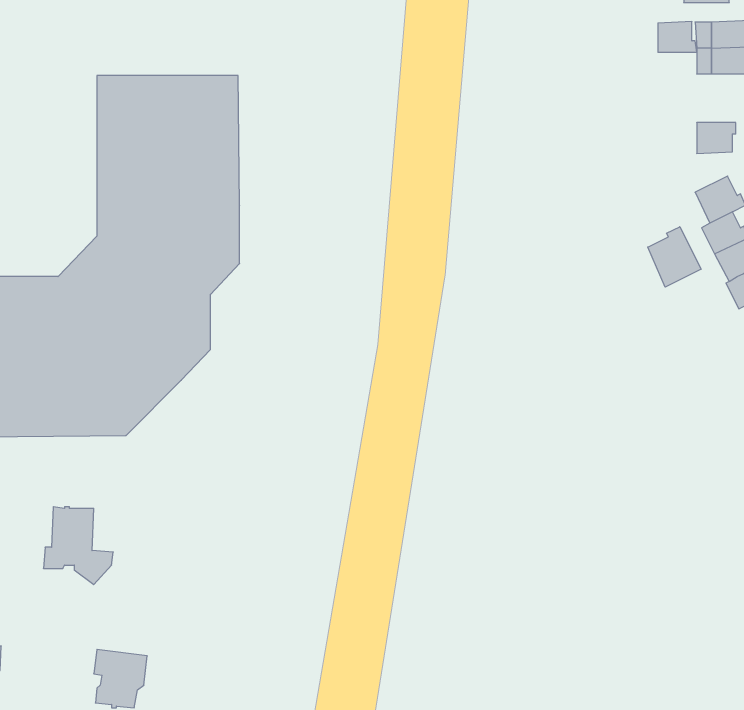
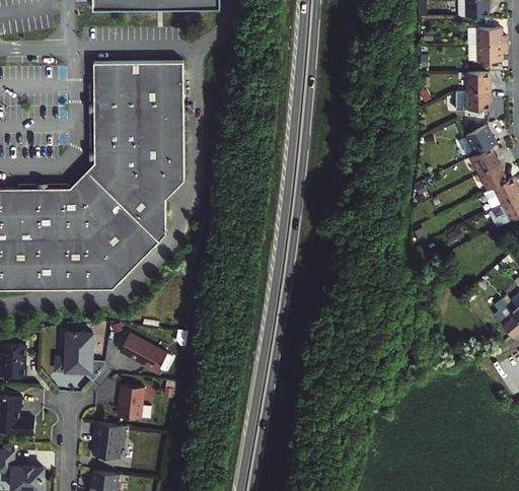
building: [658,22,697,52] -> [468,72,493,91]
building: [648,227,701,287] -> none
building: none -> [119,332,171,370]
building: none -> [116,383,142,417]

